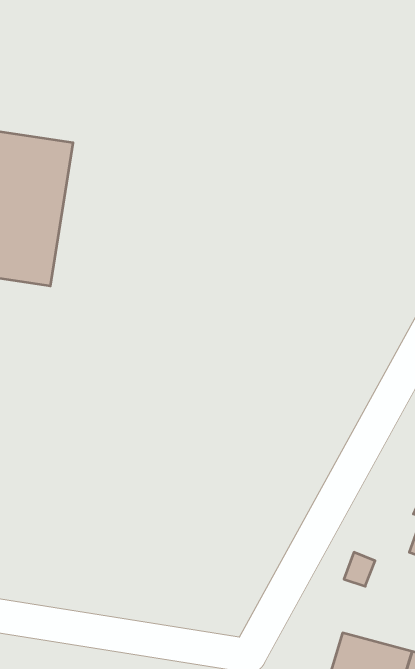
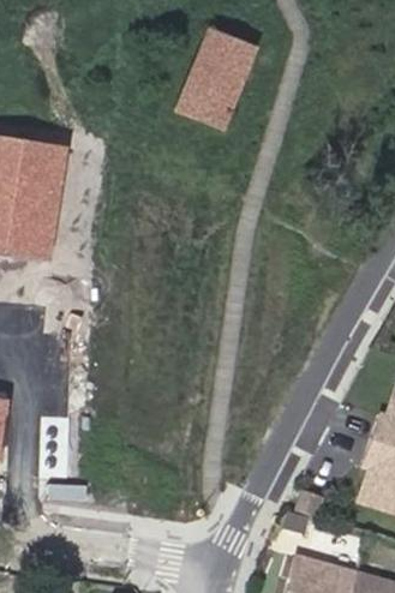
building: none -> [176,34,252,130]

